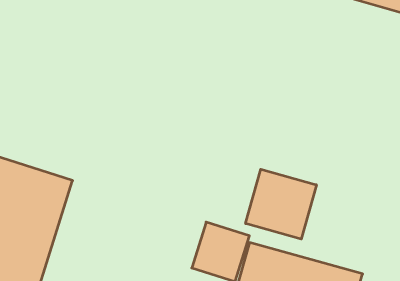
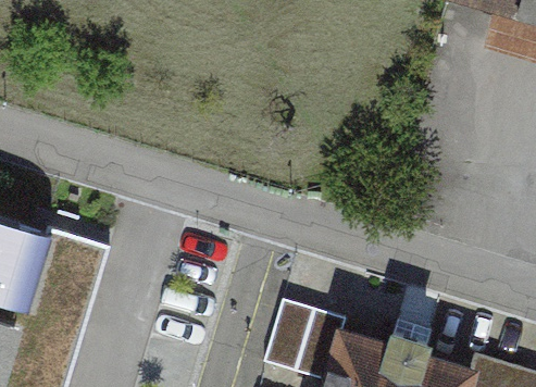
building: [246,169,316,239] -> none

